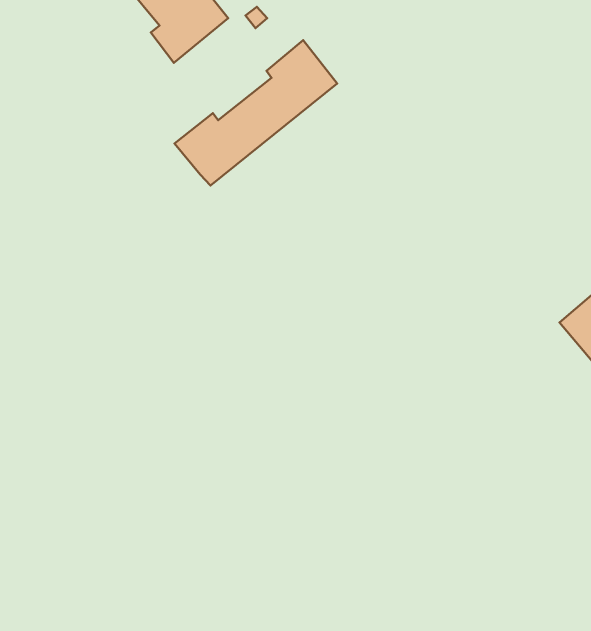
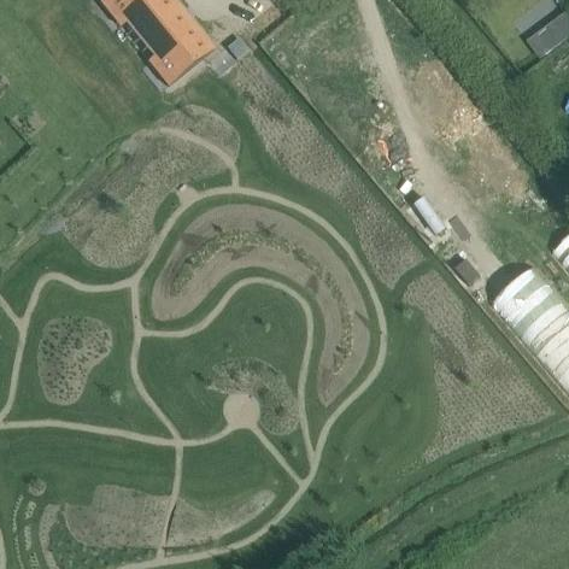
building: [174,40,337,186] -> none

